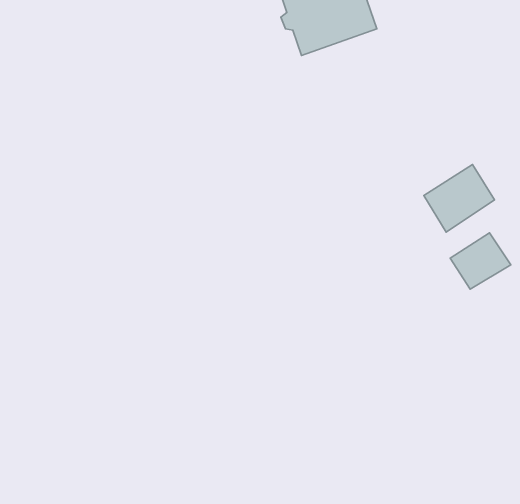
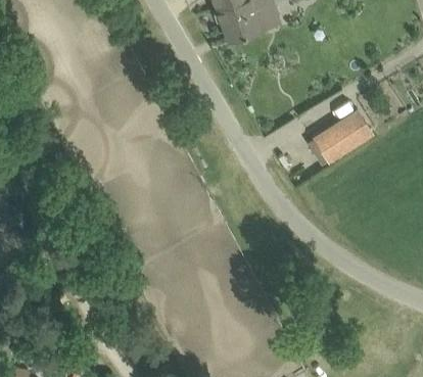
building: [450,233,511,289] -> none

